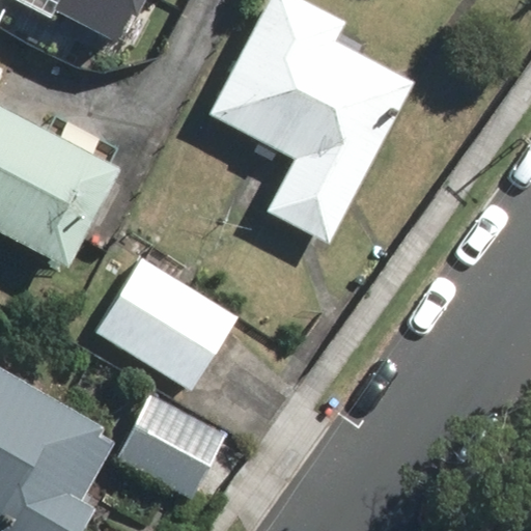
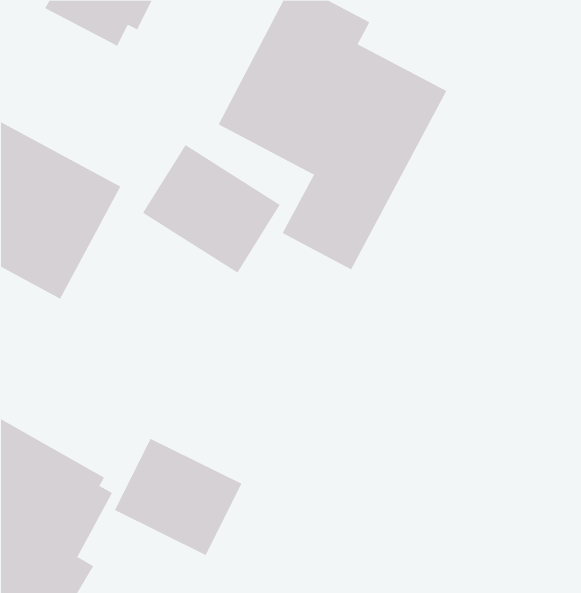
building: none -> [142,144,281,273]
building: [93,255,237,390] -> none

